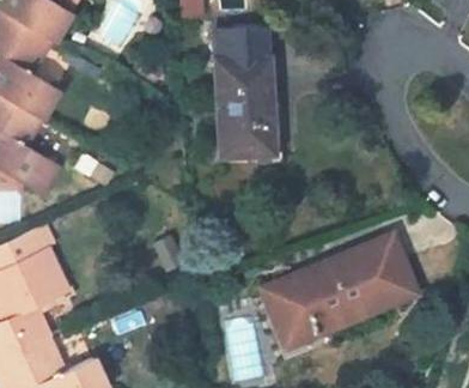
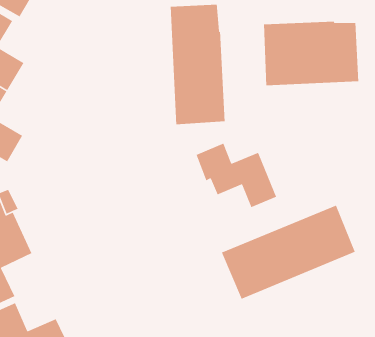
building: none -> [263,21,359,86]
building: none -> [195,143,277,208]

